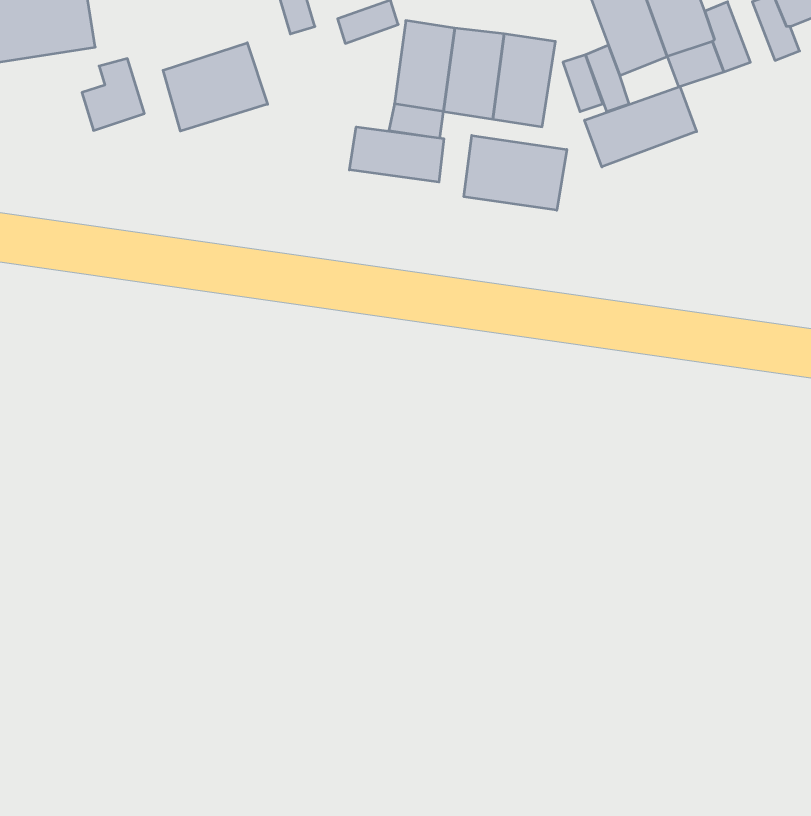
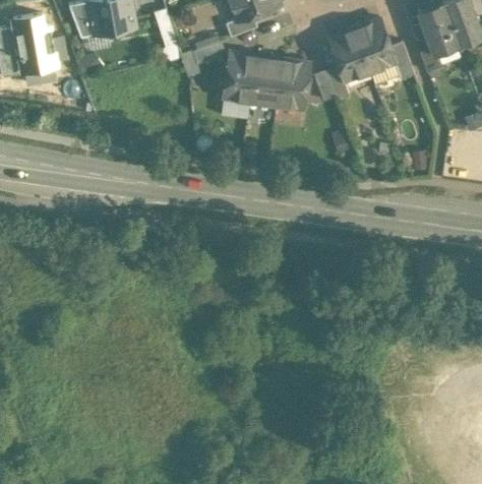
building: [163,43,268,131] -> none
building: [585,86,697,167] -> none
building: [349,127,444,182] -> none
building: [464,135,567,210] -> none

